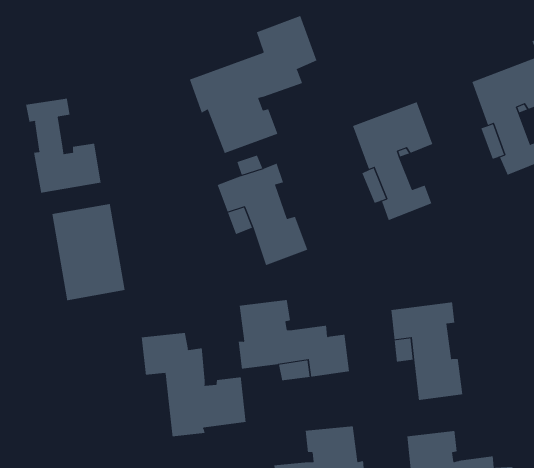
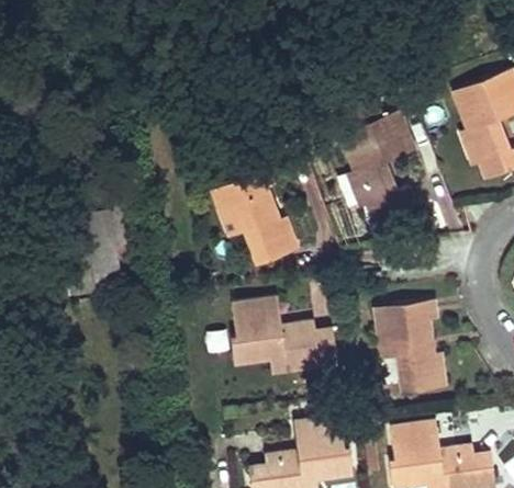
building: [189,15,317,154] -> none
building: [26,98,101,194] -> none
building: [141,332,246,437] -> none

